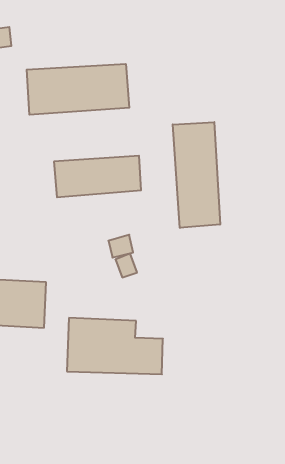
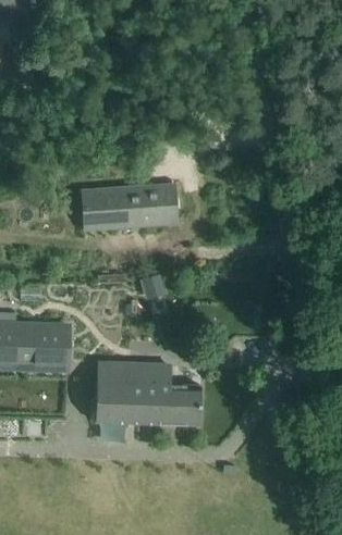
building: [27,64,129,115] -> none
building: [173,122,220,228] -> none

